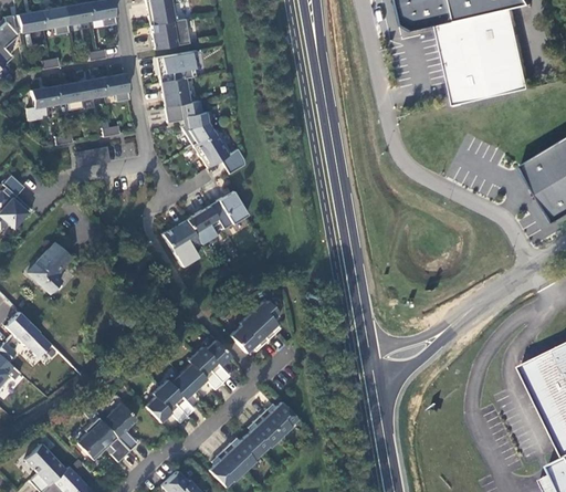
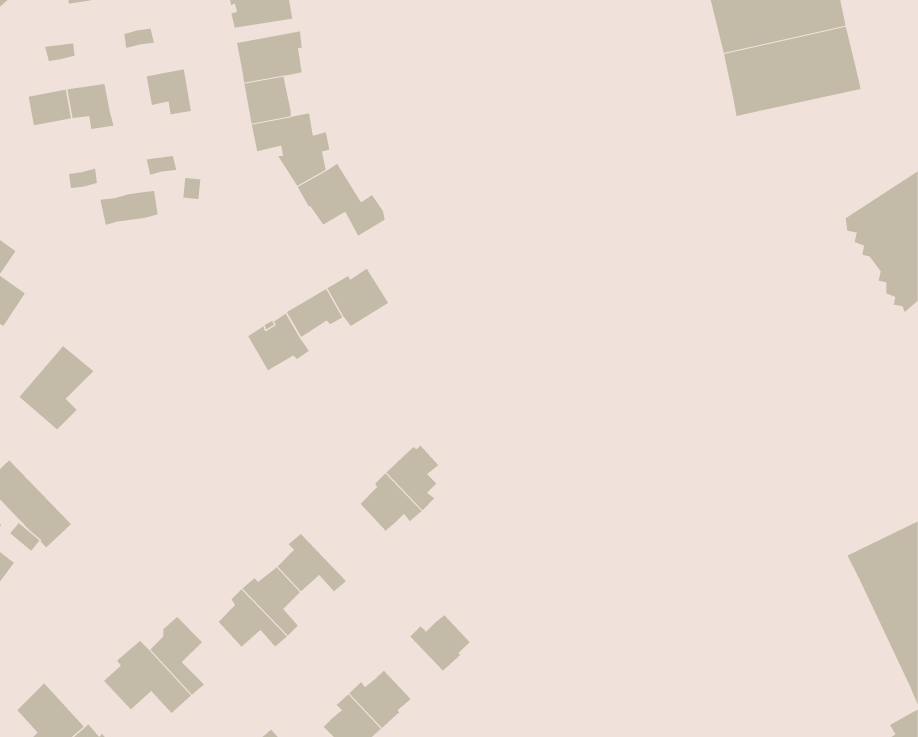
building: [77,78,105,101] -> none
building: [195,339,230,381] -> none
building: [244,415,280,452] -> none

